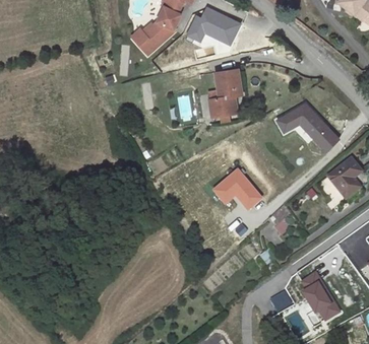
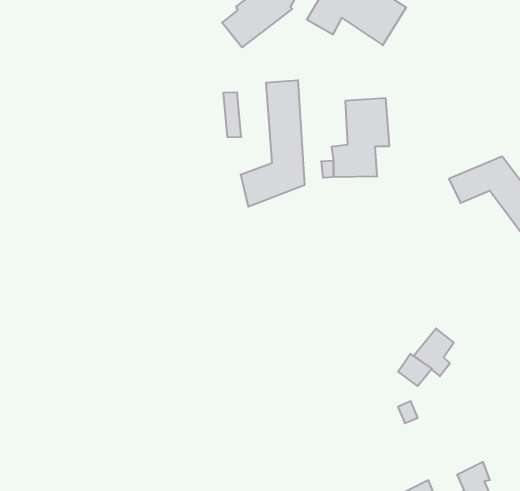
building: none -> [241,80,305,207]
building: [210,166,263,209] -> none

